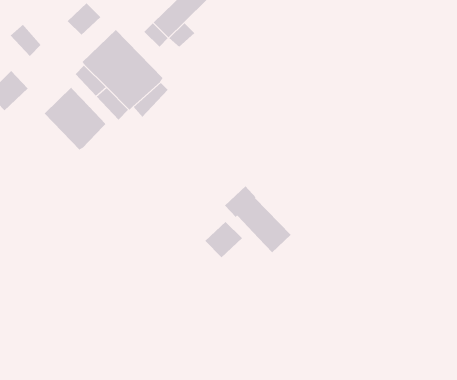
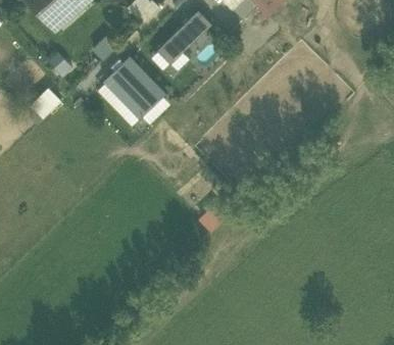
building: [44,87,107,150] -> none
building: [224,185,292,253] -> none

